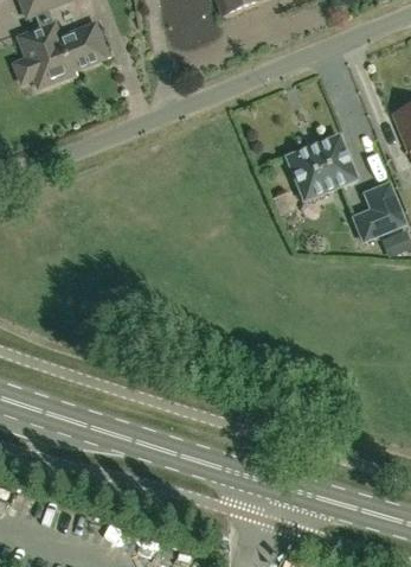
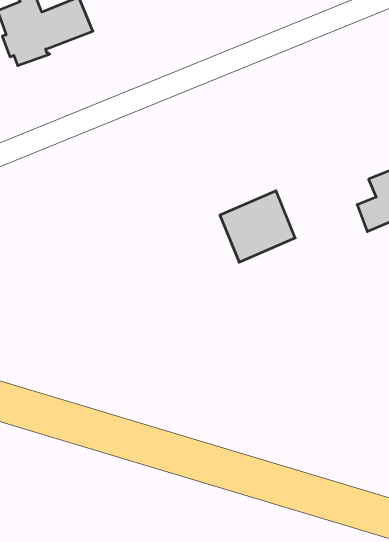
building: [285,134,355,200] -> [220,191,295,262]

